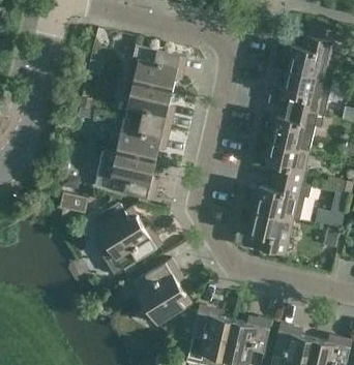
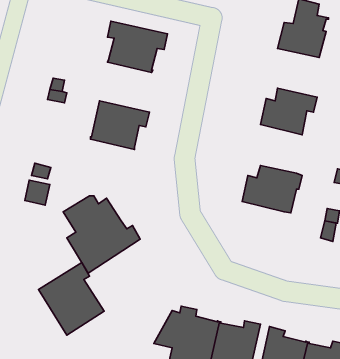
building: [282,69,331,114] -> none
building: [124,82,173,127] -> none
building: [265,139,309,183] -> none
building: [108,152,156,199] -> none
building: [249,209,293,253] -> none
building: [131,257,191,324] -> [39,262,104,335]

